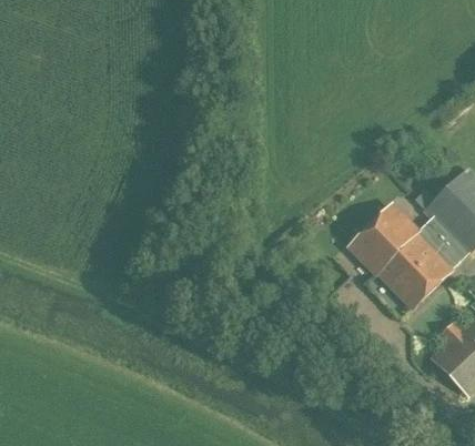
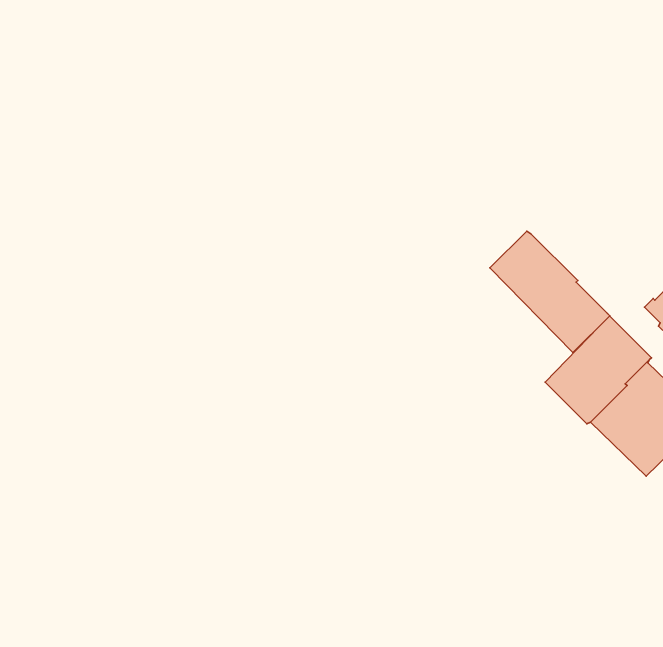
building: none -> [490,231,610,353]

